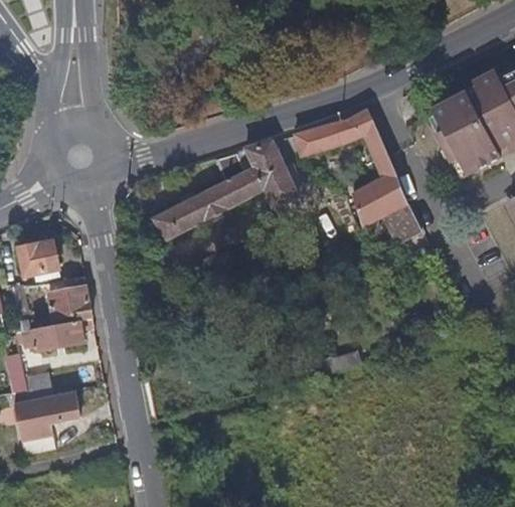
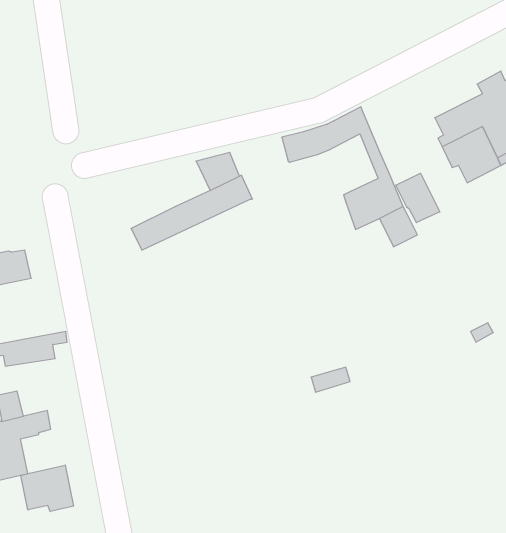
building: [244,142,295,211] -> none
building: none -> [396,173,440,223]
building: [49,284,93,322] -> none
building: none -> [21,465,74,512]

